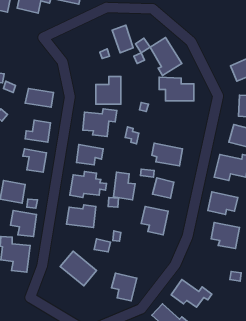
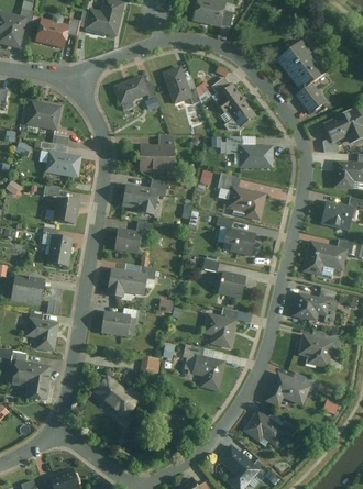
building: none -> [276,40,328,114]
building: none -> [112,71,151,103]
building: none -> [25,97,72,137]
building: none -> [218,171,266,221]
building: [113,172,135,200] -> none
building: none -> [263,368,314,405]
building: [112,273,137,301] -> [193,354,227,391]

